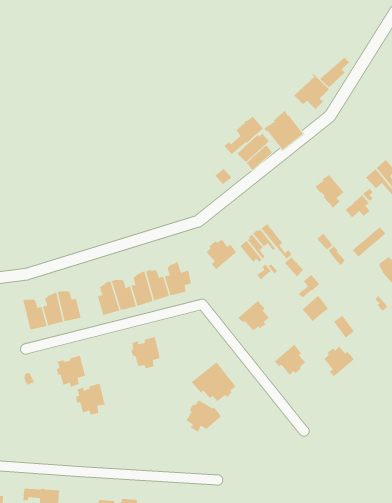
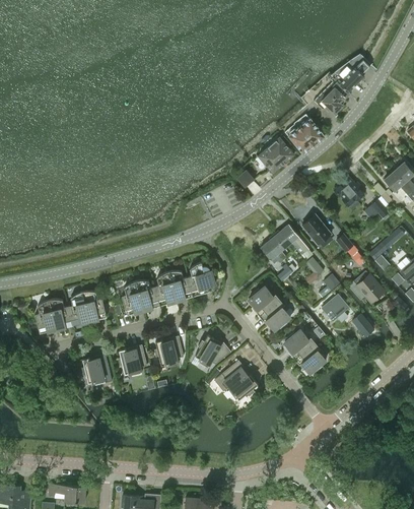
building: [223,116,263,155] -> none
building: none -> [301,214,331,245]
building: [206,239,237,270] -> [249,287,279,317]
building: none -> [348,270,383,302]
building: none -> [34,300,56,333]
building: [324,346,355,377] -> [284,329,315,360]
building: [75,383,105,415] -> [118,344,147,376]
building: [186,399,222,433] -> [195,335,230,368]

